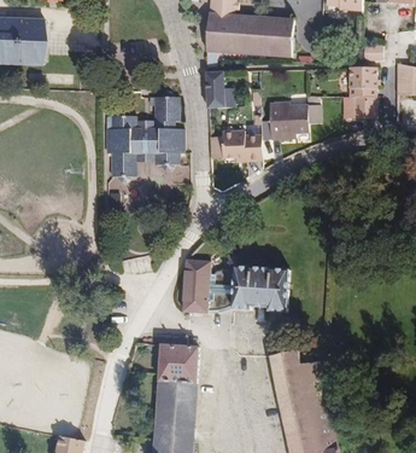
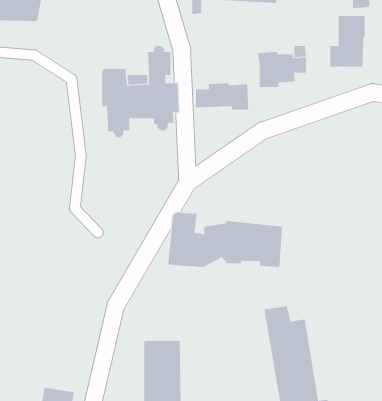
building: [204,68,244,105] -> none
building: [154,348,192,390] -> none

